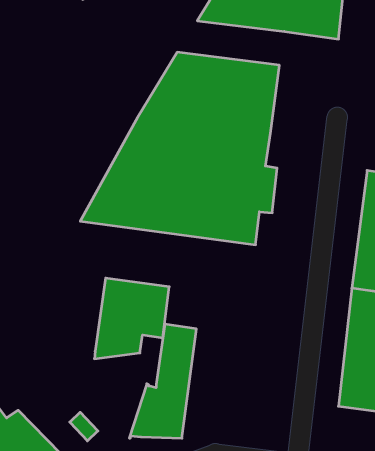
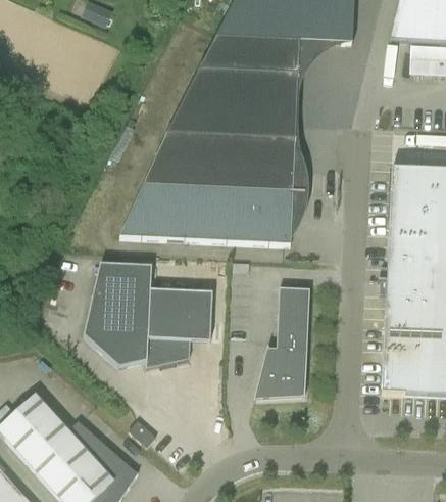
building: none -> [201,36,301,72]
building: none -> [85,263,152,365]
building: [129,324,196,438] -> [255,286,310,398]

